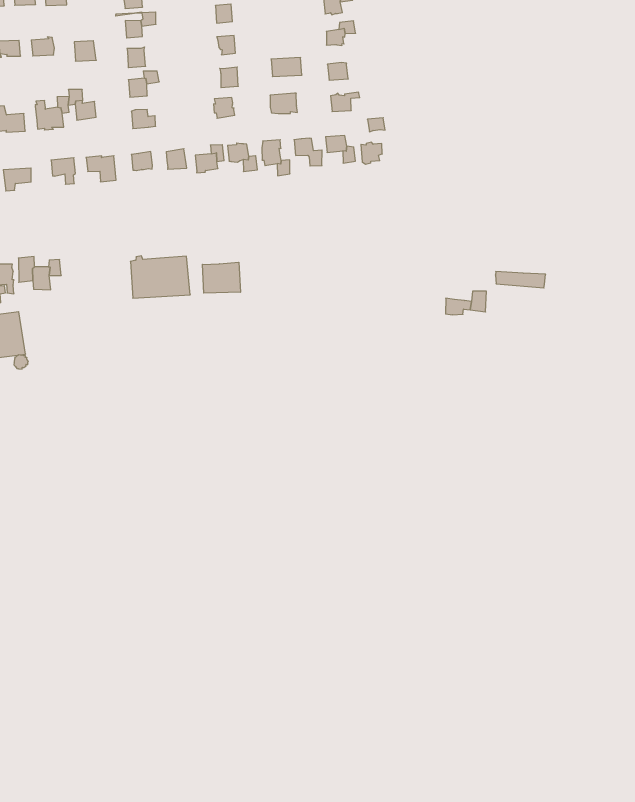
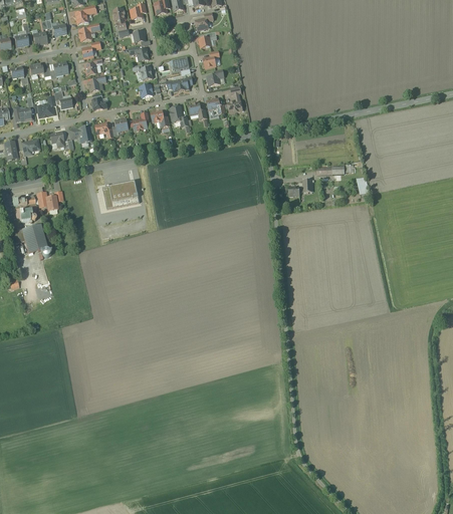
building: [202,262,240,293] -> none

